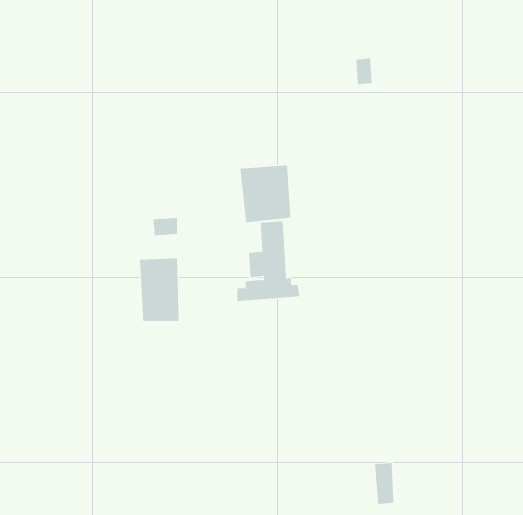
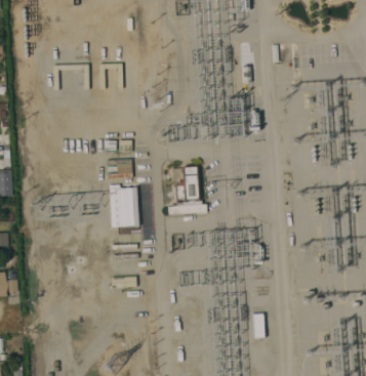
building: [240,164,291,223] -> none

